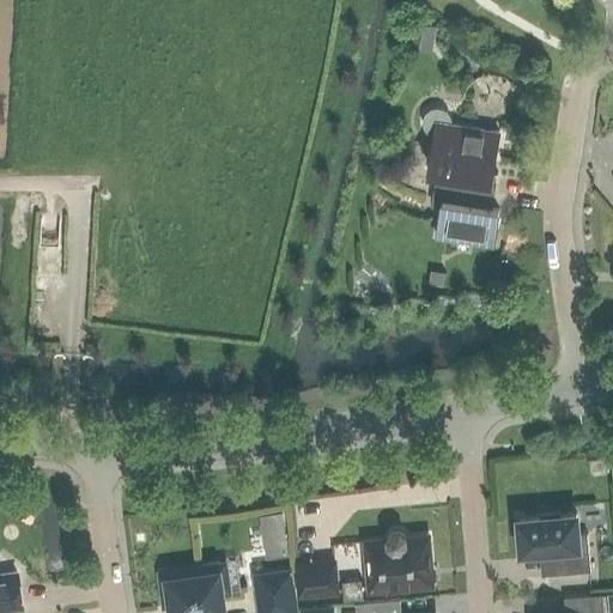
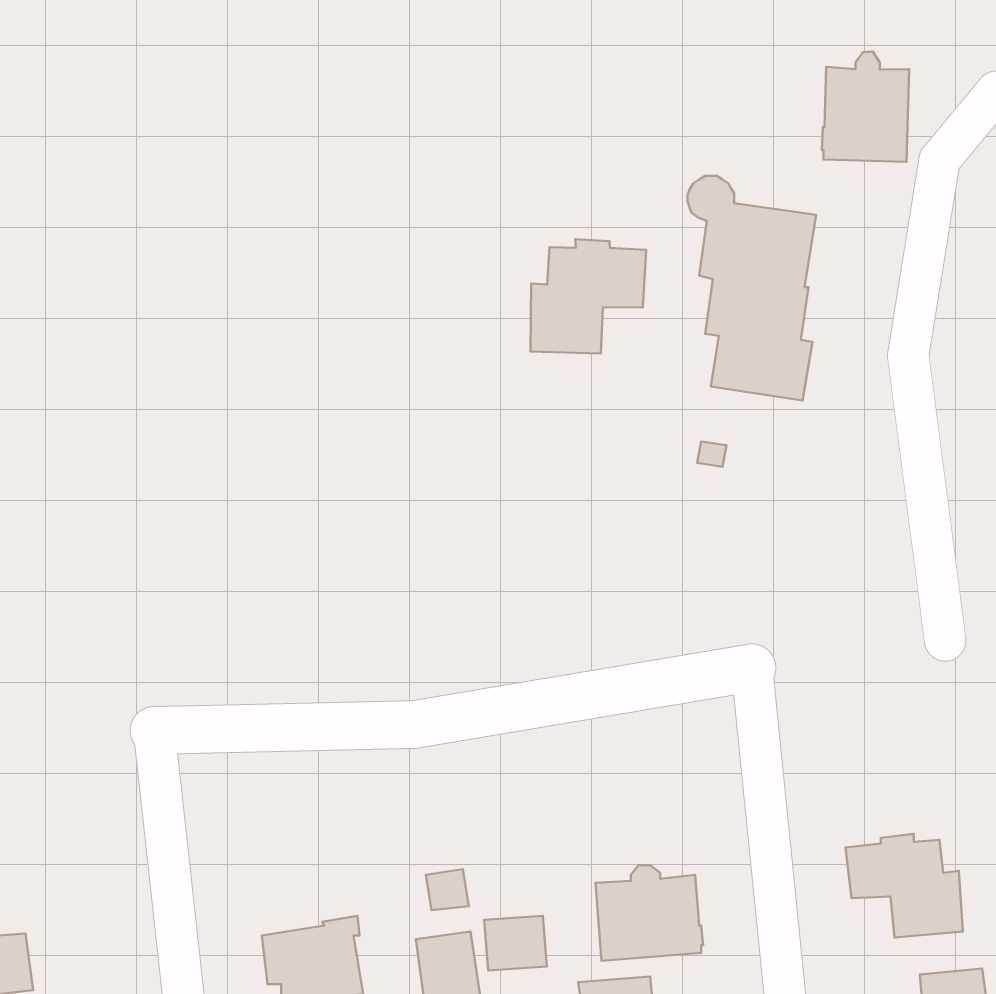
building: none -> [822,51,909,162]
building: none -> [530,239,646,354]

